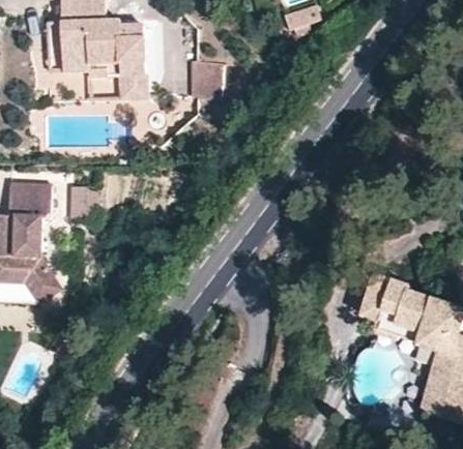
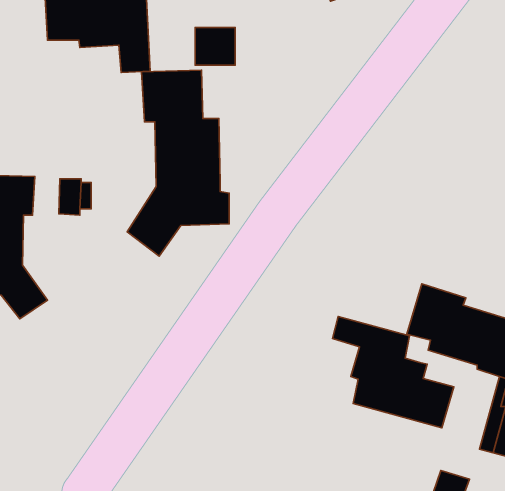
building: none -> [127,70,229,256]
building: none -> [332,316,454,428]

